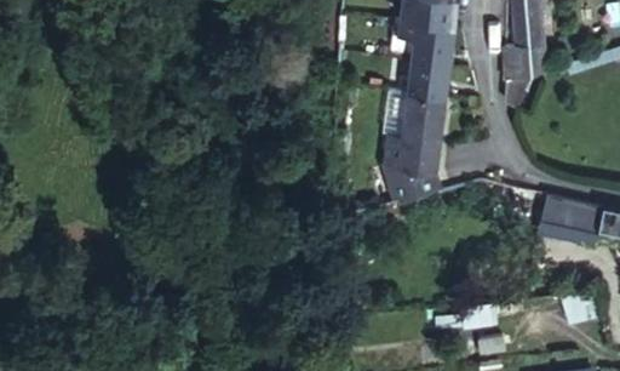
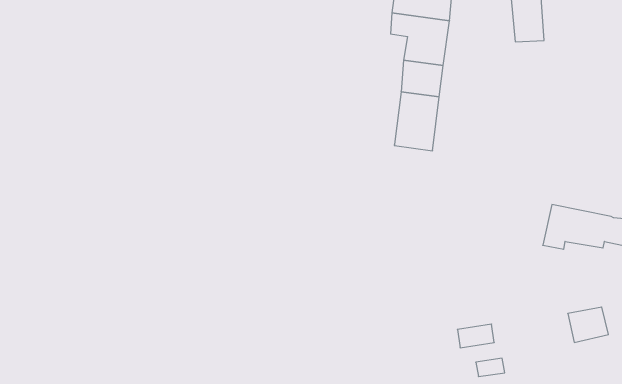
building: [505,44,544,108] -> none
building: [386,137,442,201] -> none

